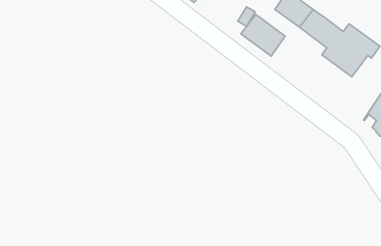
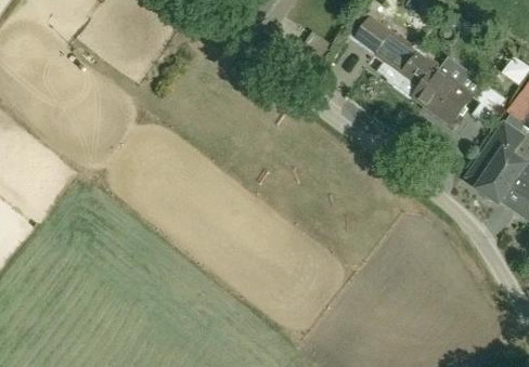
building: [241,15,285,56] -> none

